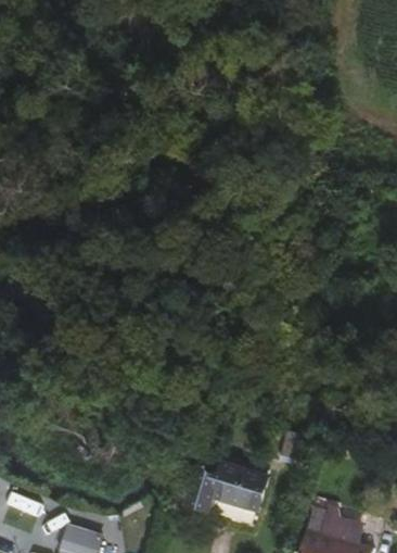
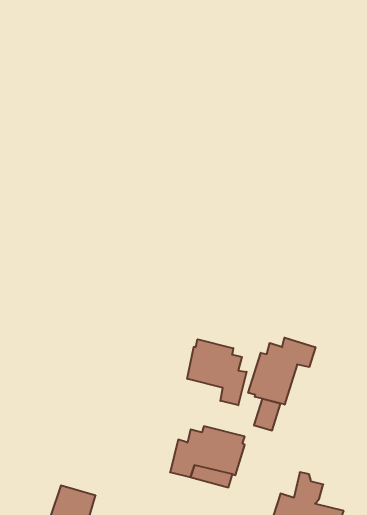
building: none -> [248,338,315,405]
building: none -> [187,339,247,405]

